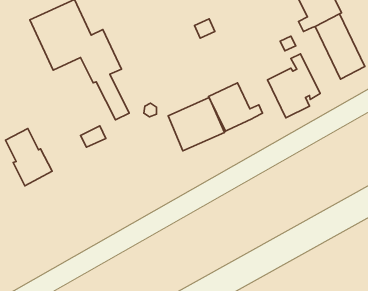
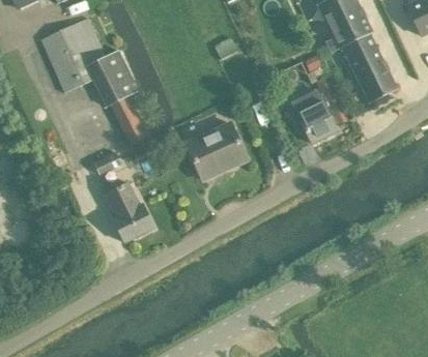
building: [209,83,263,131] -> none
building: [5,128,52,186] -> [105,180,154,241]

